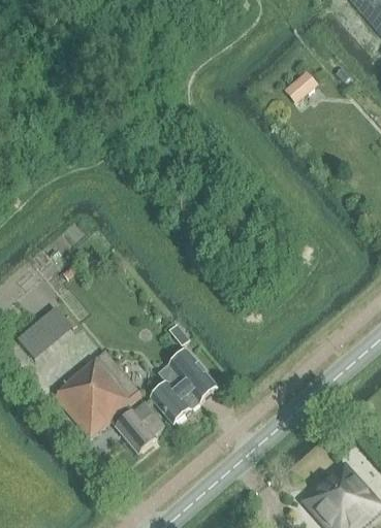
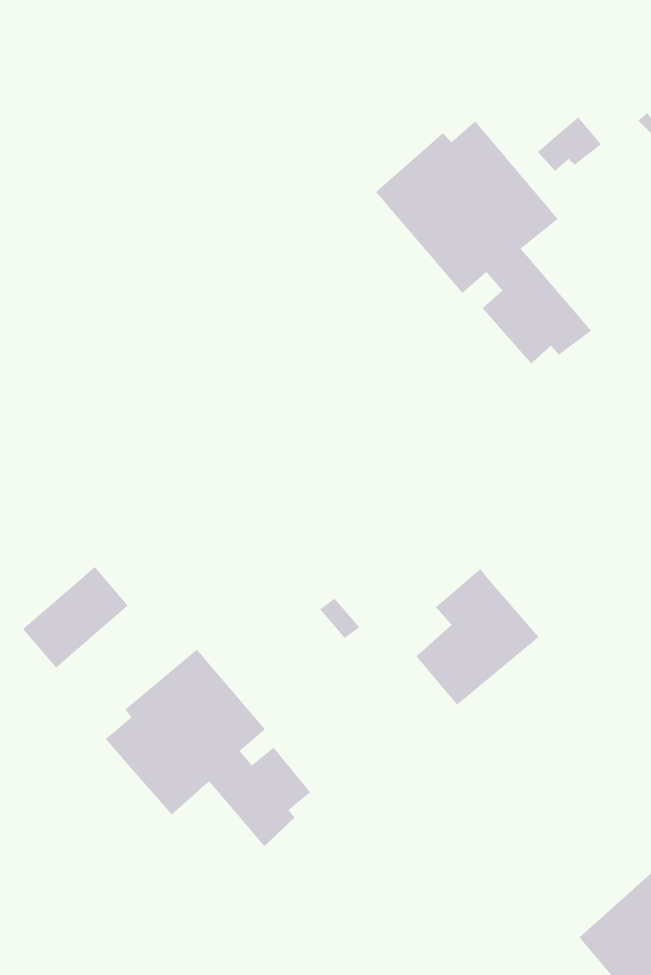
building: none -> [375,121,592,364]
building: [151,352,216,424] -> [416,568,539,705]

